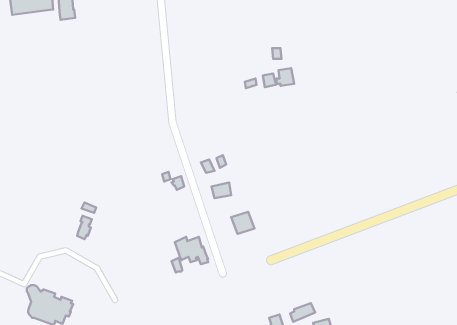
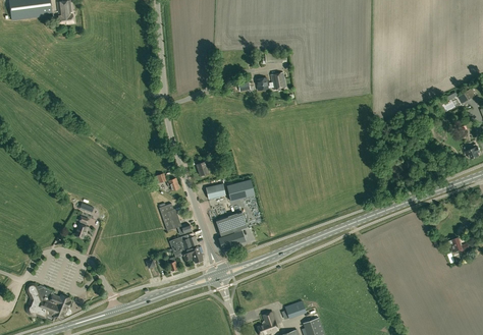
building: none -> [226,179,255,201]
building: none -> [159,204,192,234]
building: none -> [216,217,246,248]

